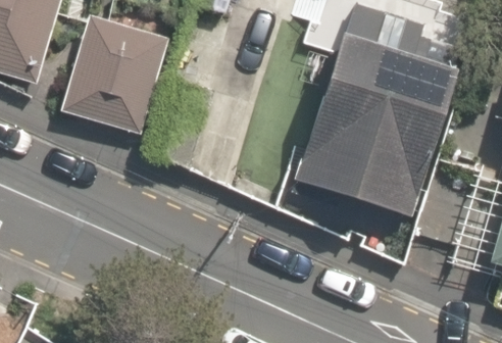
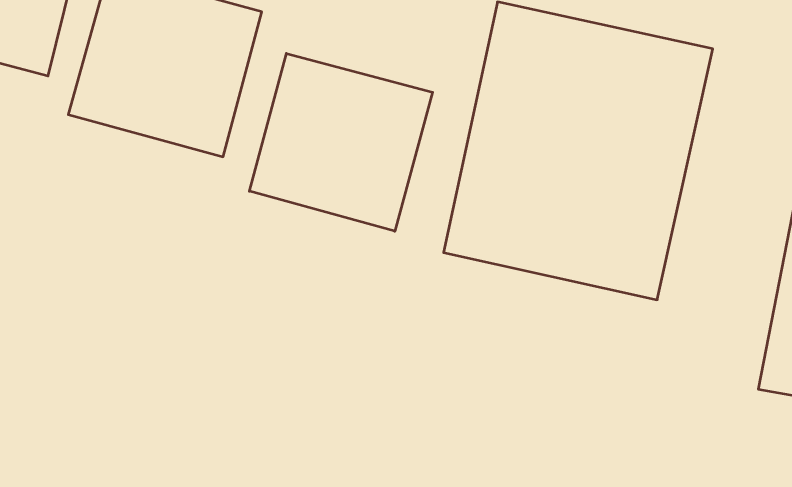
building: none -> [249,53,433,231]

